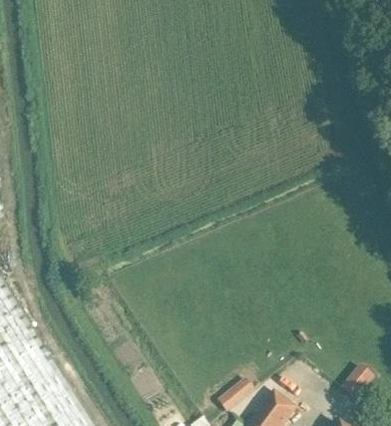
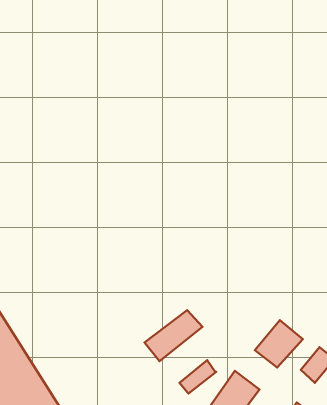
building: none -> [145,310,203,361]
building: none -> [255,320,303,367]

